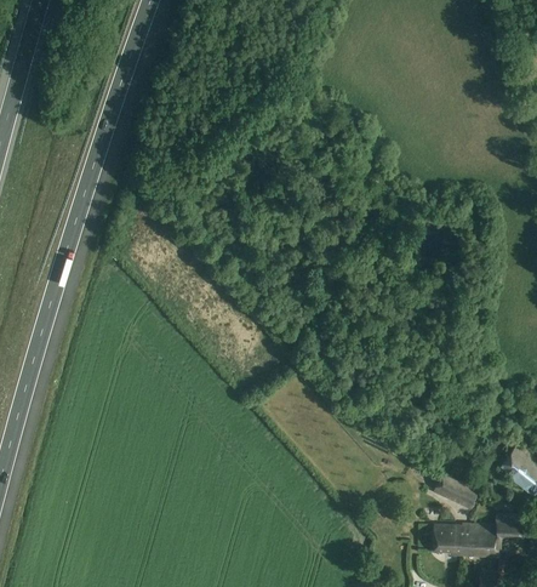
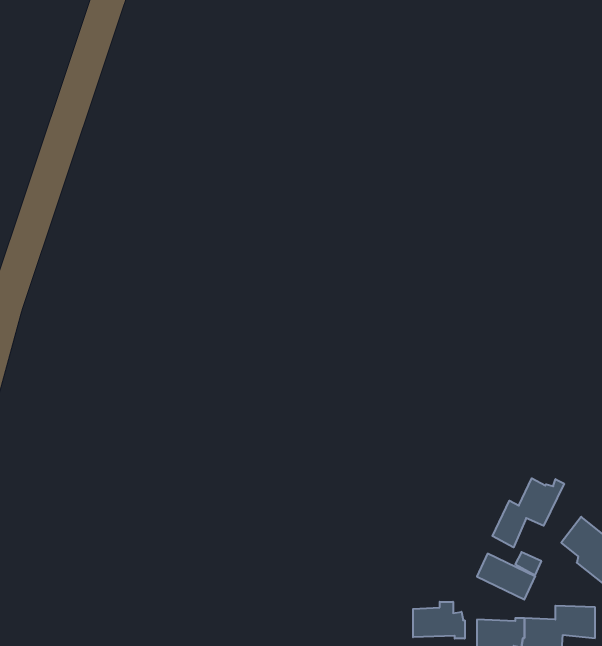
building: none -> [492,478,564,547]
building: none -> [413,602,465,639]

